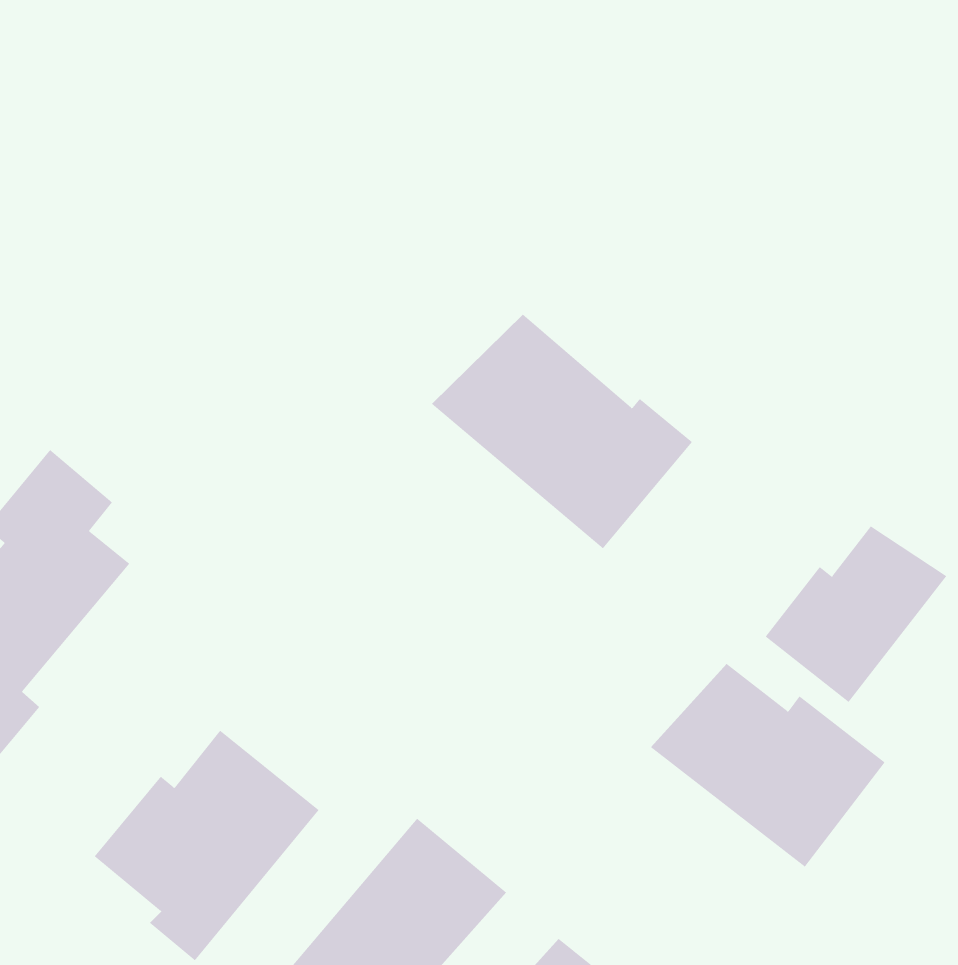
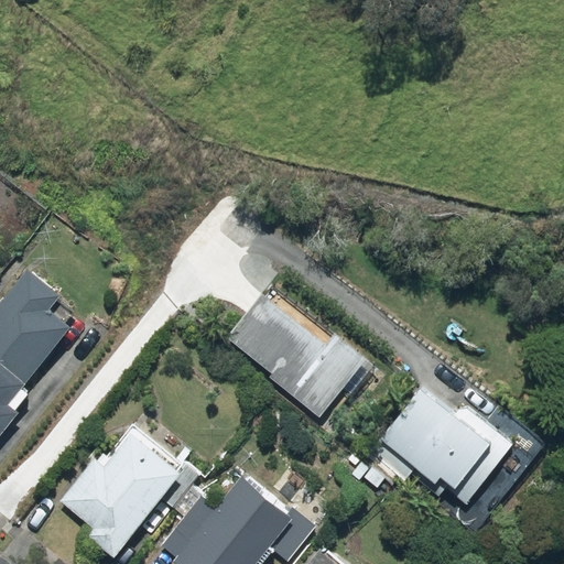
building: [431,314,693,549] -> [218,283,369,419]
building: [765,526,947,703] -> none

